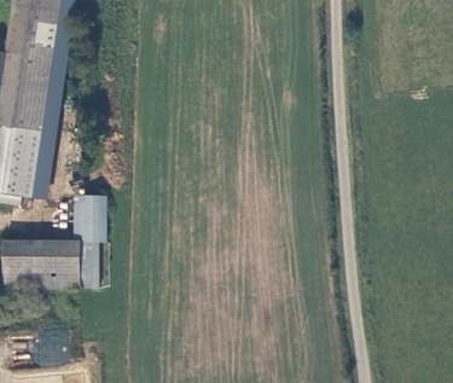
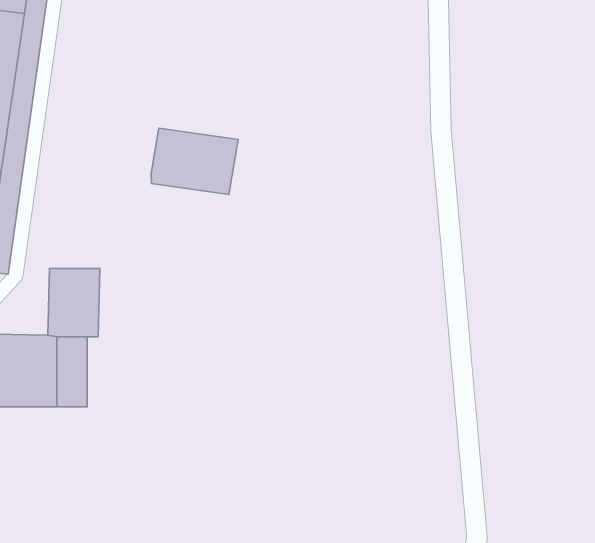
building: none -> [151,128,238,195]

